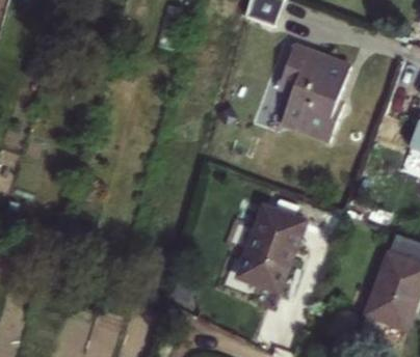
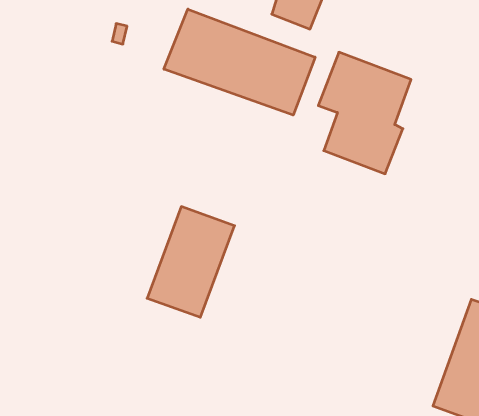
building: none -> [164,9,315,115]
building: [237,207,304,291] -> [147,207,235,317]

